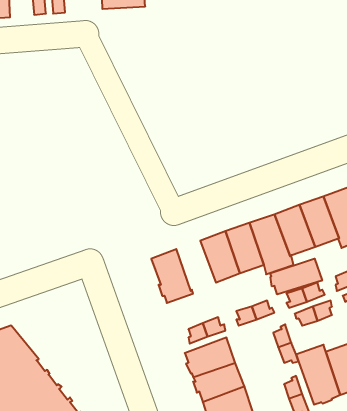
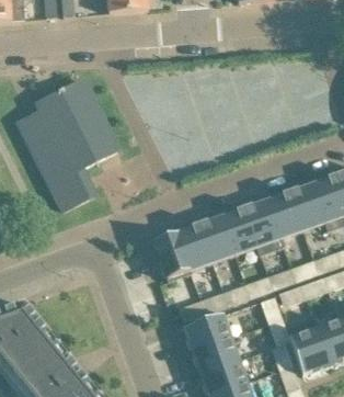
building: none -> [21,79,117,209]
building: none -> [176,224,213,270]
building: [270,259,322,294] -> none

